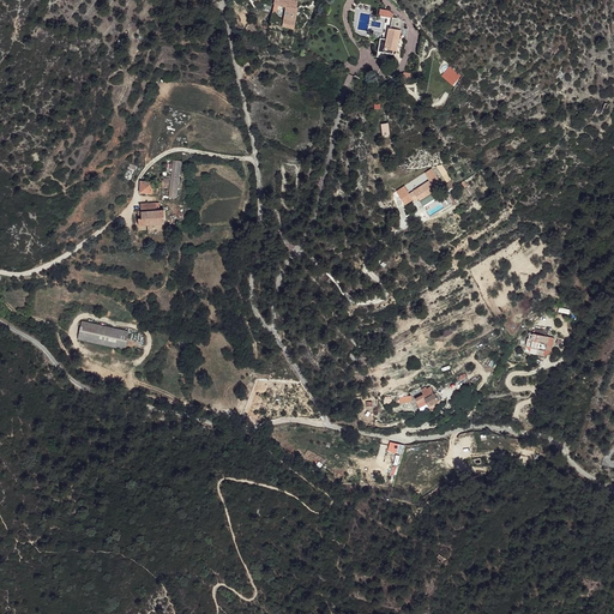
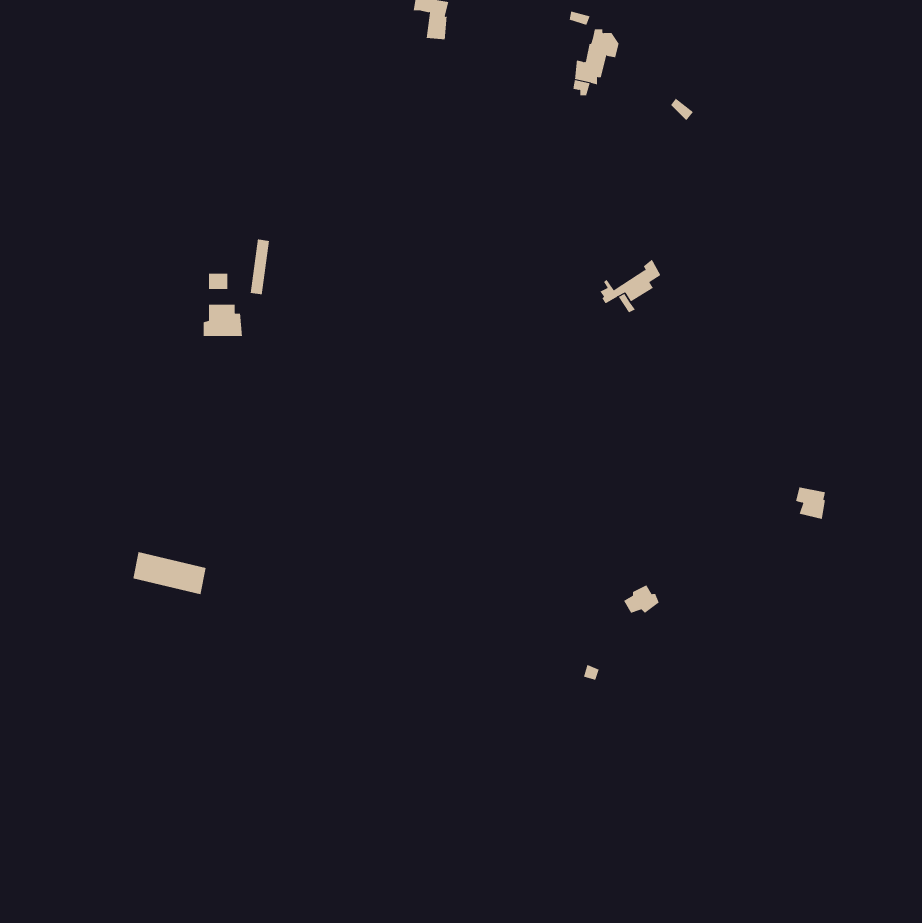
building: [77,321,126,350] -> [132,551,207,595]

